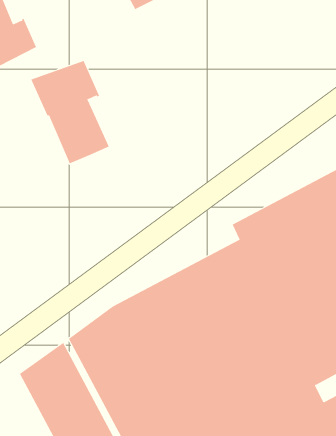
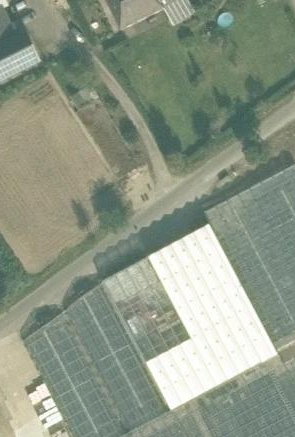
building: [30,60,109,164] -> none

